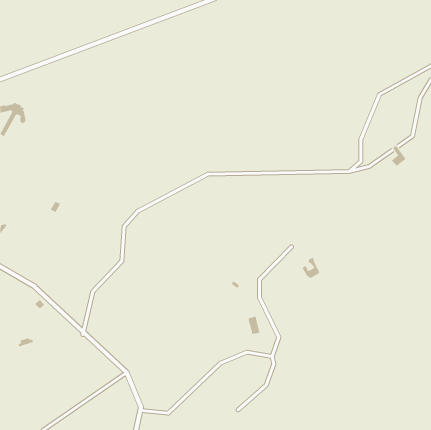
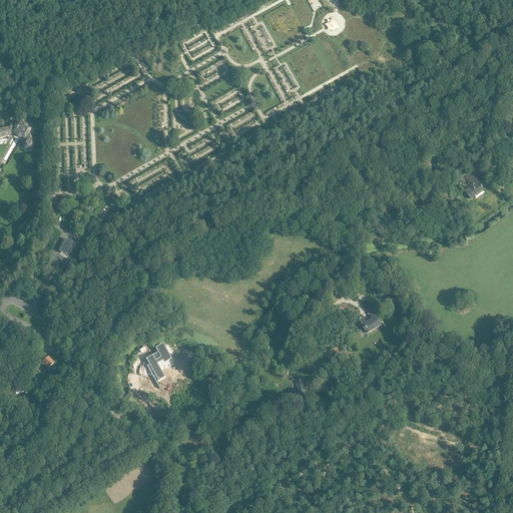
building: none -> [146,343,167,381]

